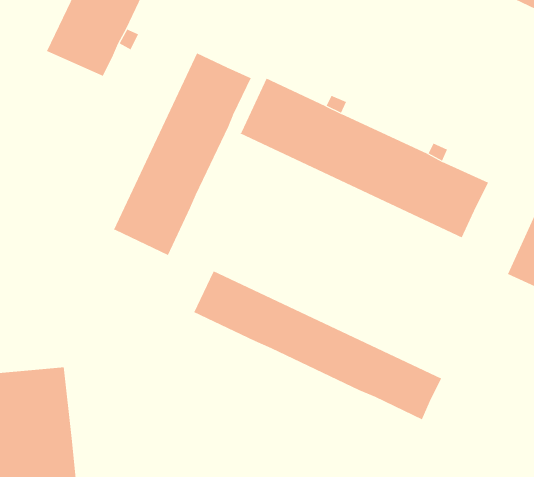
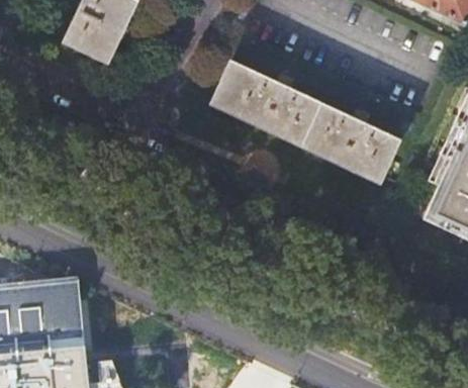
building: [113,52,252,256] -> none
building: [193,270,442,420] -> none

